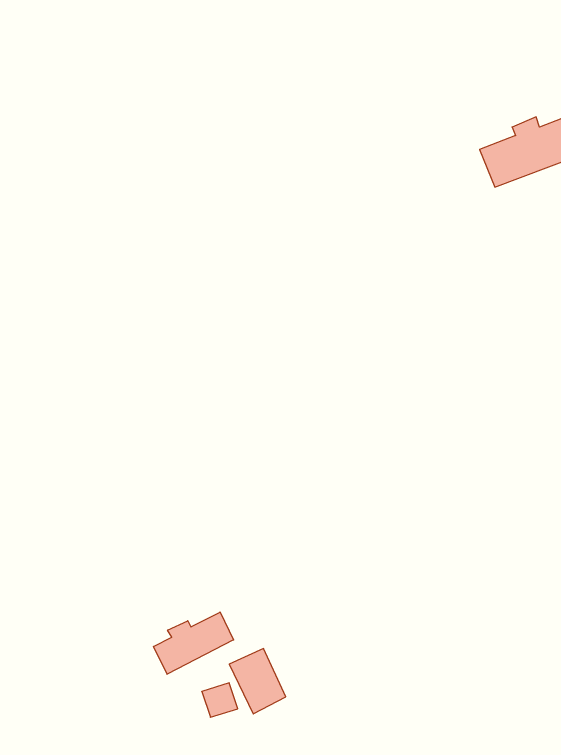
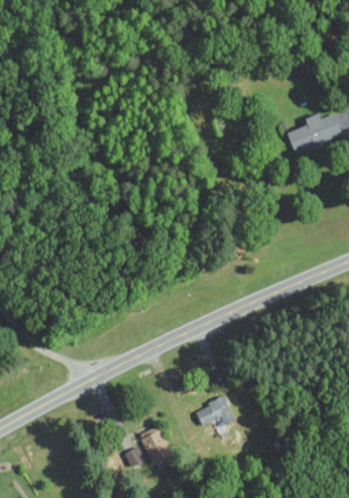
building: none -> [195,396,236,426]
building: [154,612,234,674] -> none

